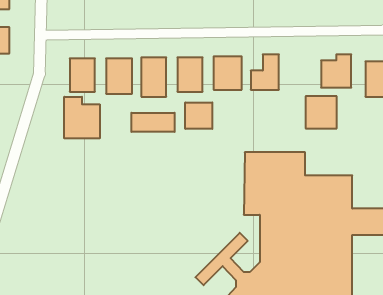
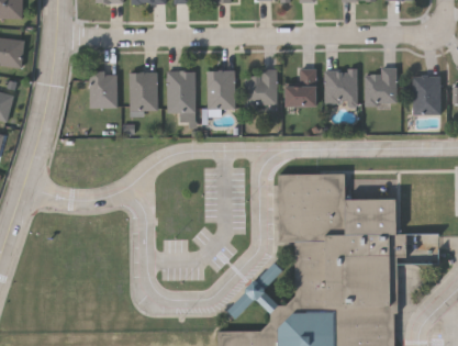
building: [306,96,337,128] -> [324,69,358,104]
building: [64,97,100,138] -> none
building: [185,102,212,129] -> none
building: [131,113,175,132] -> none

